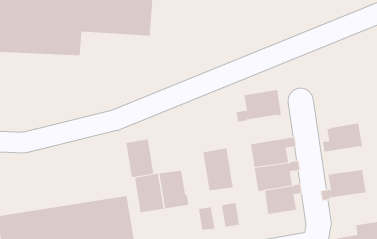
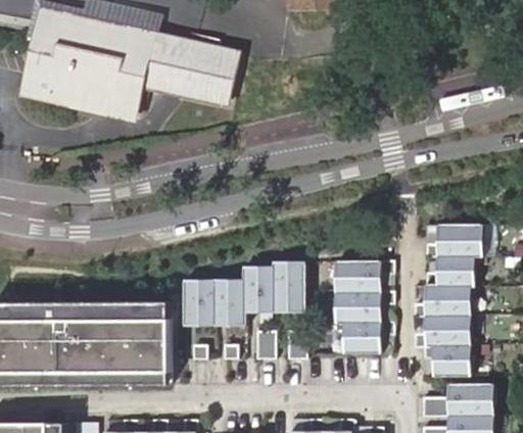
building: [236,90,282,122] -> [424,226,481,258]
building: [125,139,154,178] -> [242,267,272,311]
building: none -> [412,287,469,318]
building: none -> [421,345,469,377]

